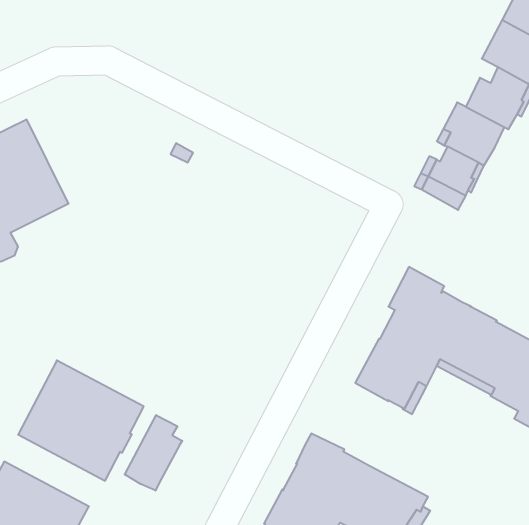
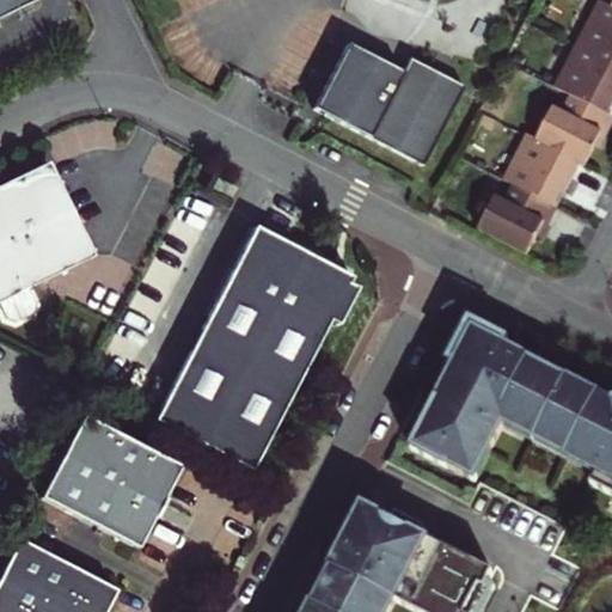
building: none -> [316,41,466,163]
building: none -> [153,227,355,471]
building: [125,415,182,491] -> none

